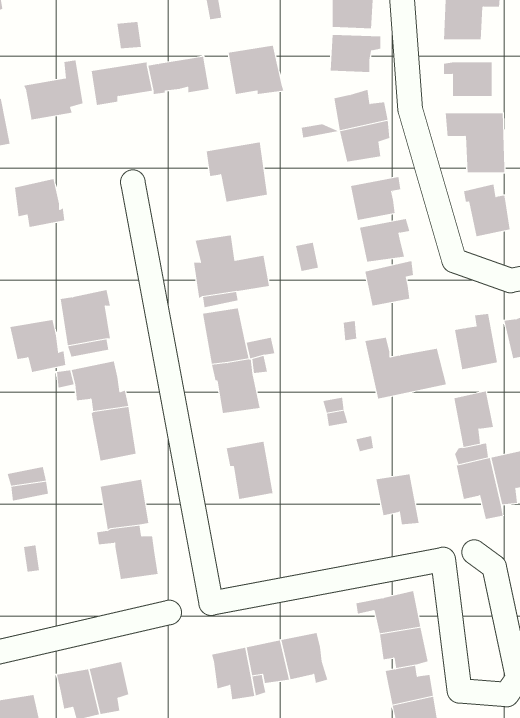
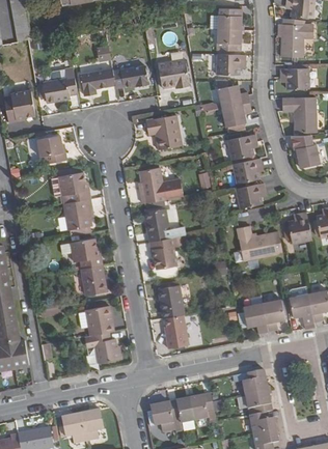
building: [10,319,66,372] -> [57,172,89,202]
building: [454,391,494,447] -> [262,299,284,331]
building: none -> [164,314,188,348]

